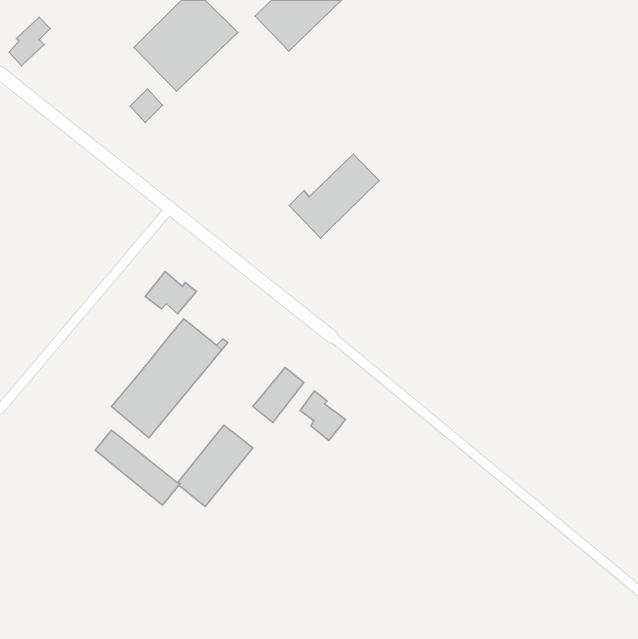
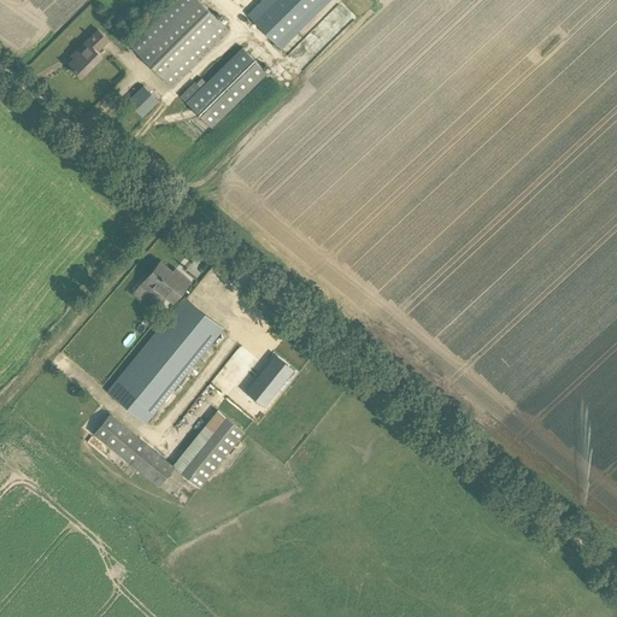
building: [9,17,50,66] -> [67,30,107,77]
building: [289,154,379,238] -> [180,47,266,128]
building: [300,391,345,441] -> none

